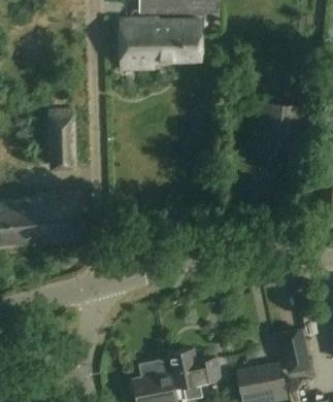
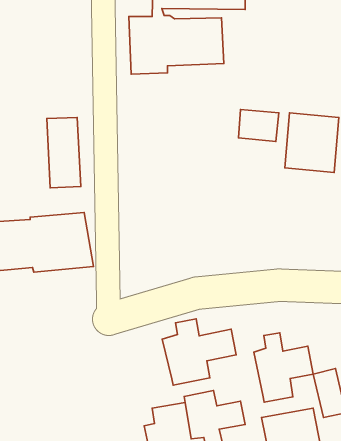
building: none -> [239,110,279,141]
building: none -> [162,319,236,385]
building: none -> [254,333,313,402]

